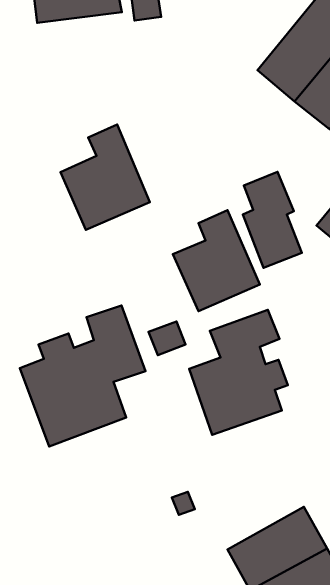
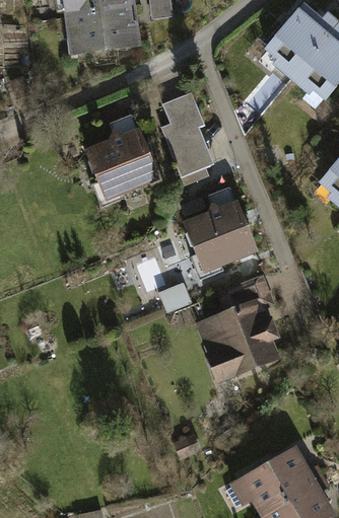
building: none -> [63,11,142,59]
building: [243,172,302,268] -> [161,89,213,173]
building: [20,306,145,446] -> none

